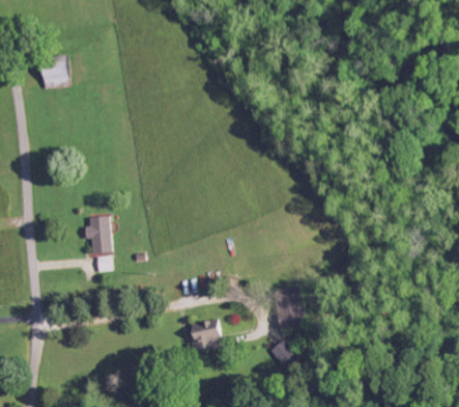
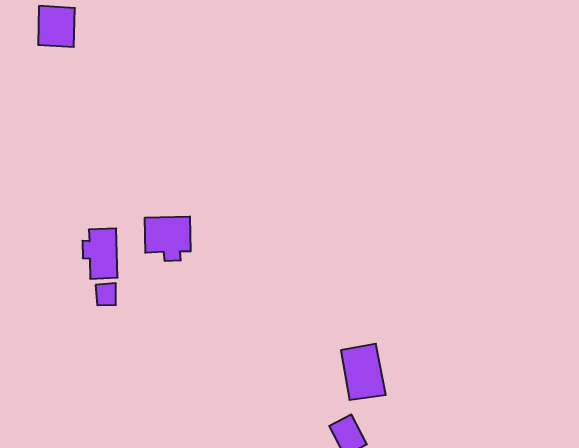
building: none -> [145,216,190,261]
building: [187,318,221,352] -> none

